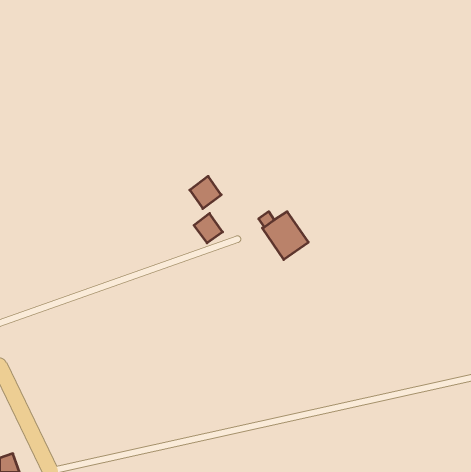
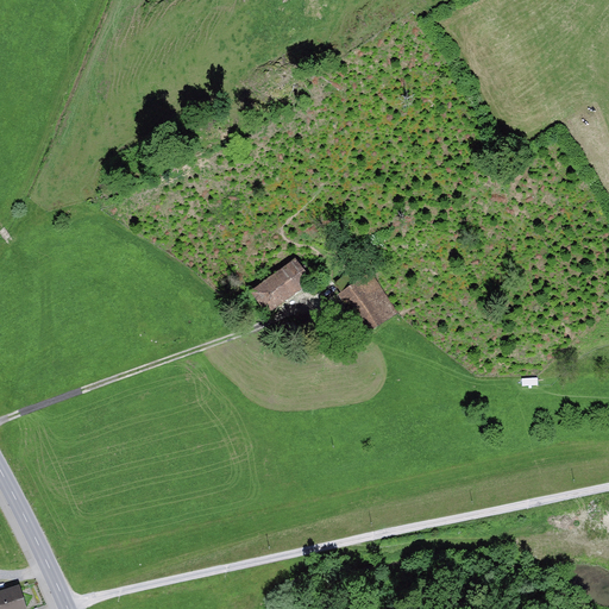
building: [190,176,221,209] -> [270,257,310,299]

